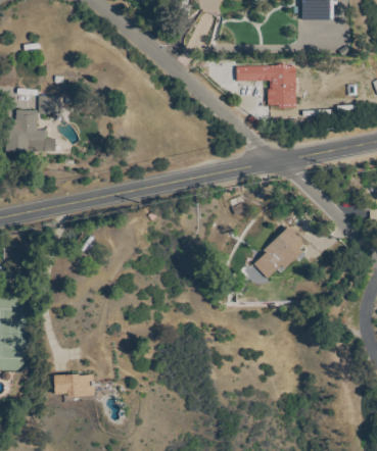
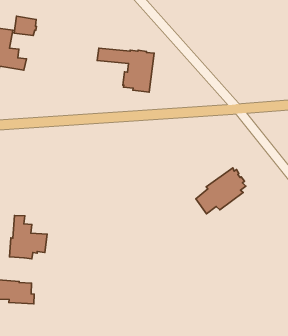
building: [236,64,295,107] -> [97,48,154,92]
building: none -> [10,216,47,259]

